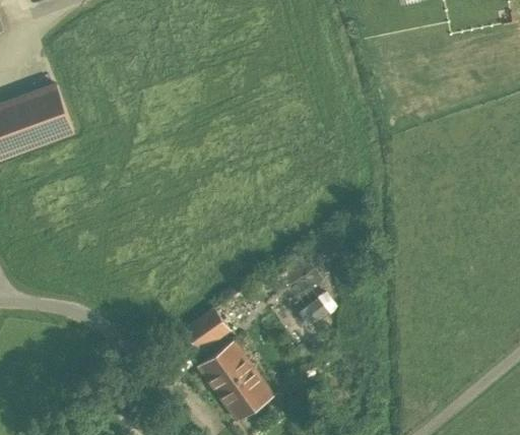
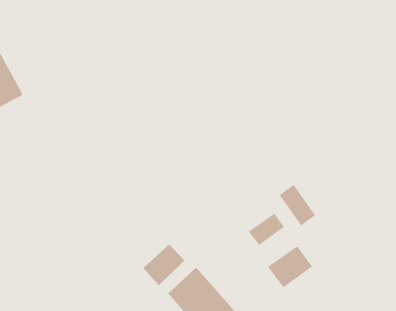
building: none -> [279,184,316,226]
building: none -> [267,245,313,288]

